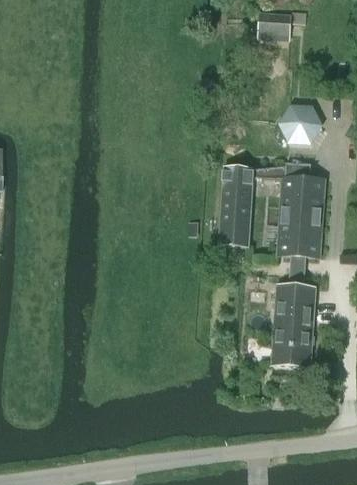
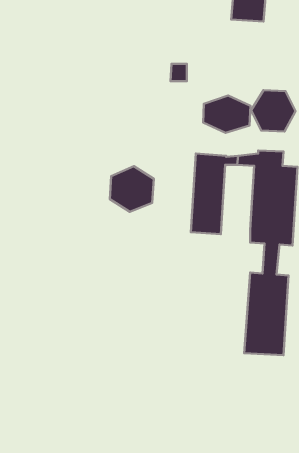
building: none -> [203,96,251,133]
building: none -> [110,166,154,212]

